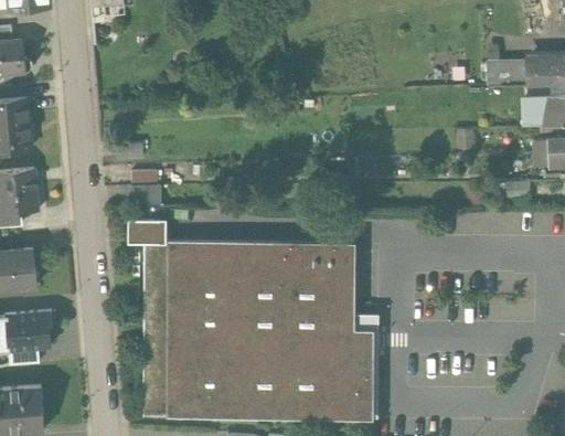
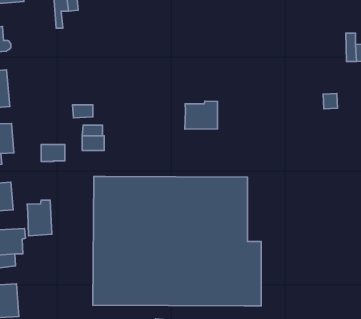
building: none -> [185,101,218,129]
building: [128,220,160,243] -> [41,144,65,162]
building: none -> [27,200,52,236]

